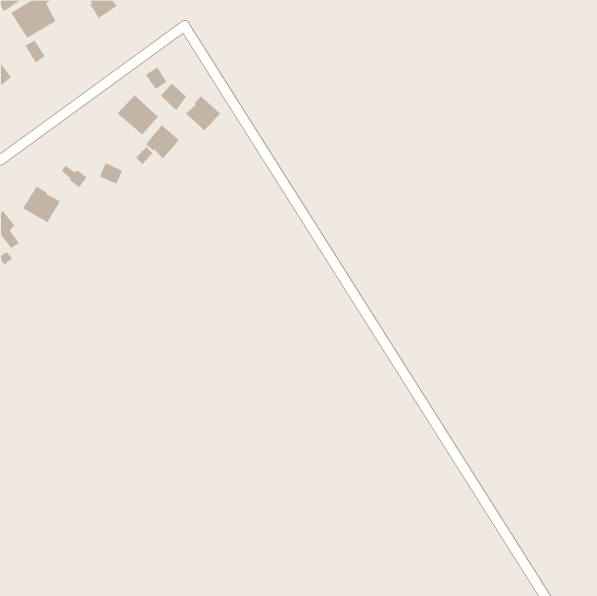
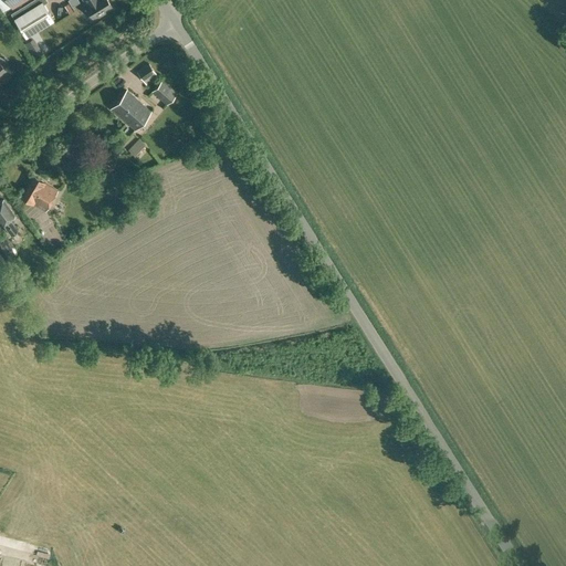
building: [185,96,221,131] -> none
building: [145,125,180,159] -> none

